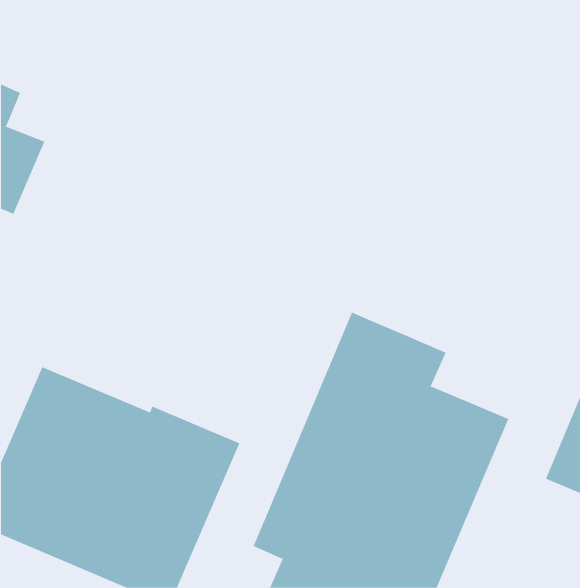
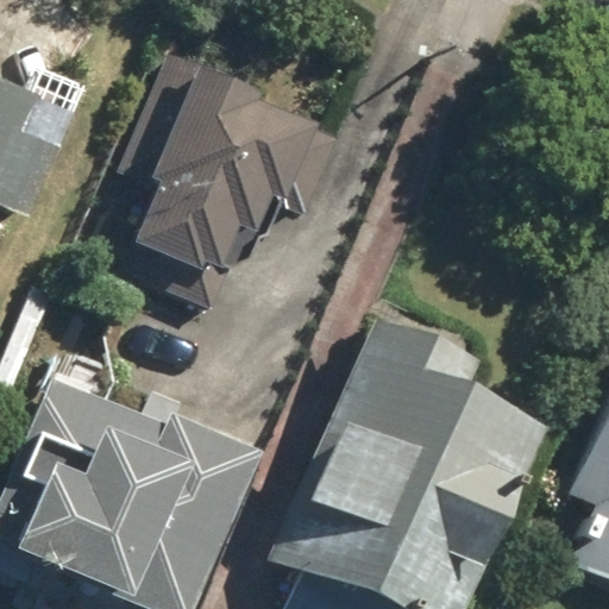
building: none -> [127,50,340,271]

